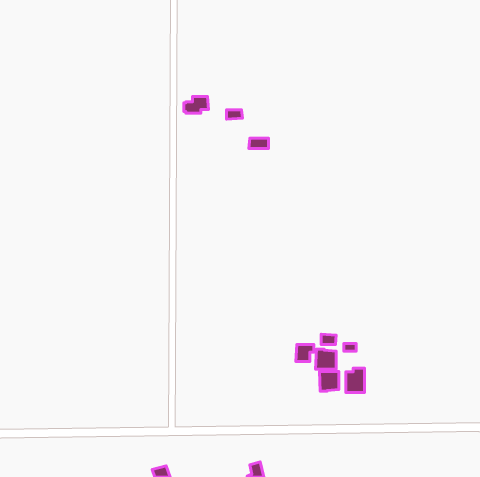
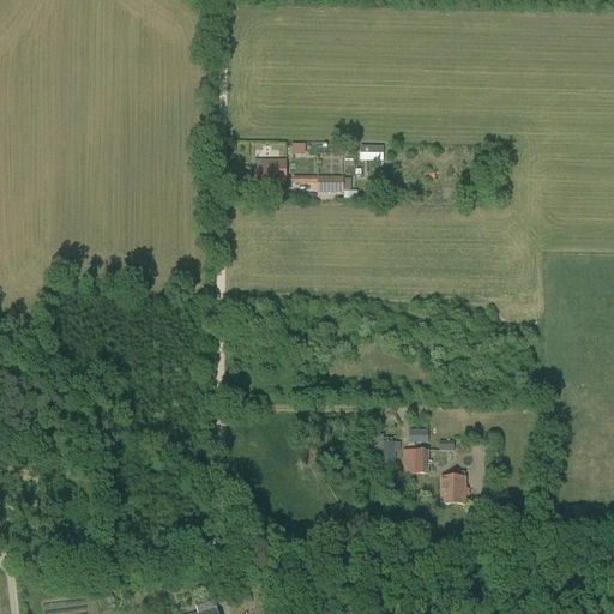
building: [184,96,208,113] -> [252,158,283,180]
building: [319,372,339,391] -> none

